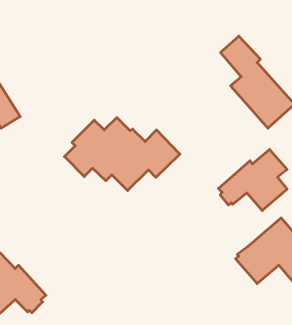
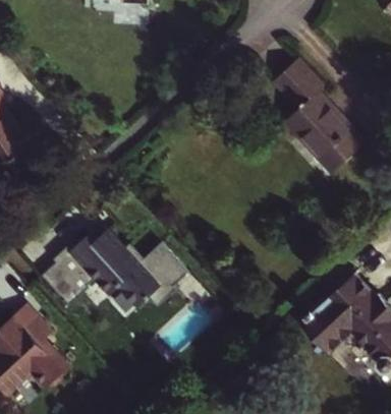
building: [64,118,180,191] -> [43,229,184,318]
building: [218,149,287,211] -> none

